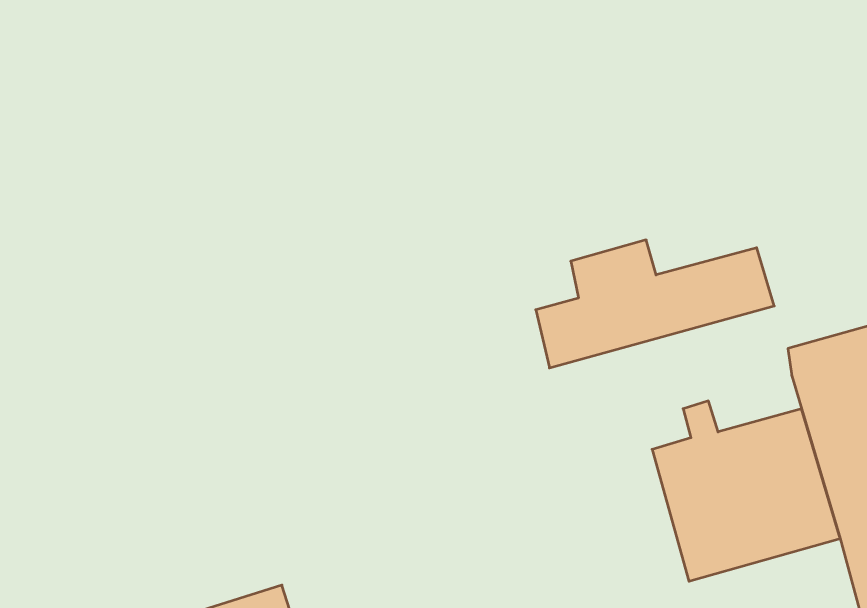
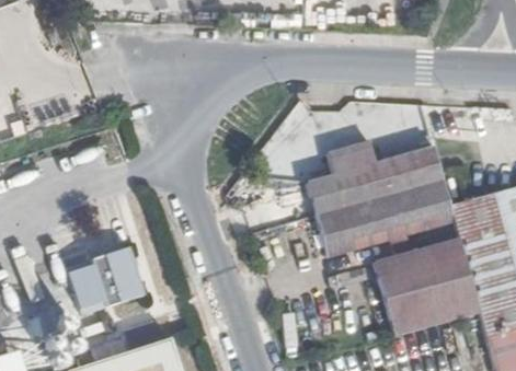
building: none -> [318,181,455,255]
building: none -> [67,248,141,316]

